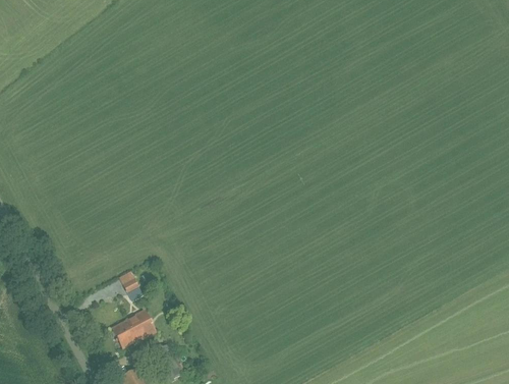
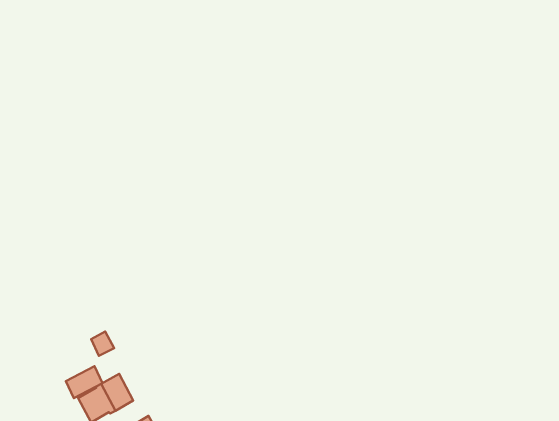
building: none -> [66,366,103,398]

